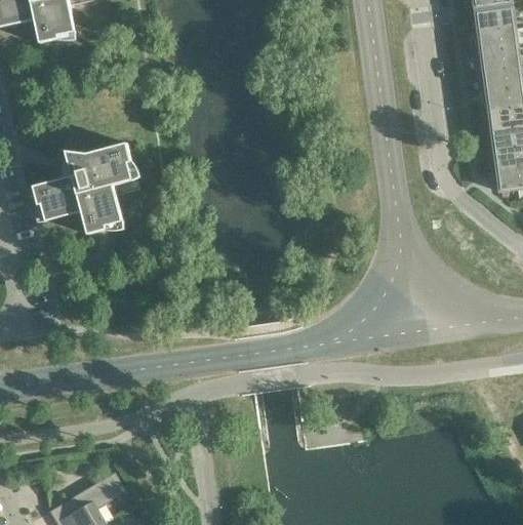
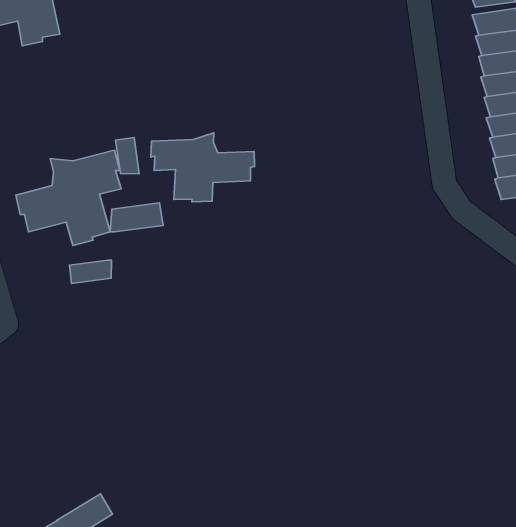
building: none -> [151,133,255,202]
building: none -> [115,138,139,174]
building: none -> [110,203,163,232]
building: none -> [69,260,112,284]

